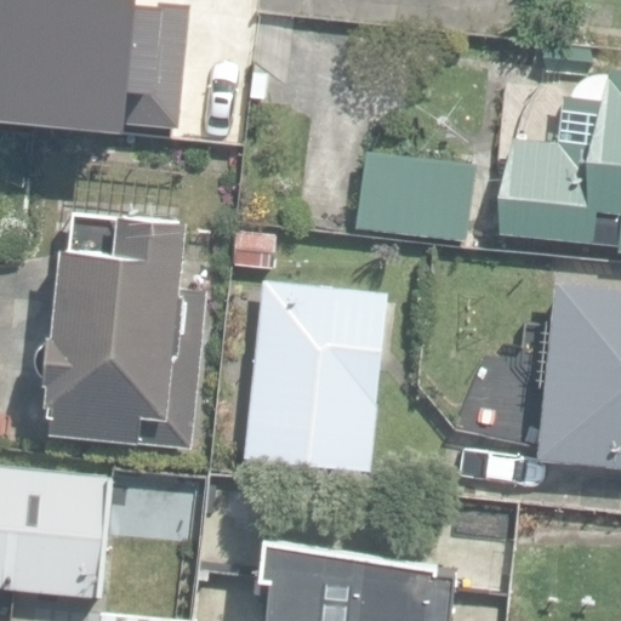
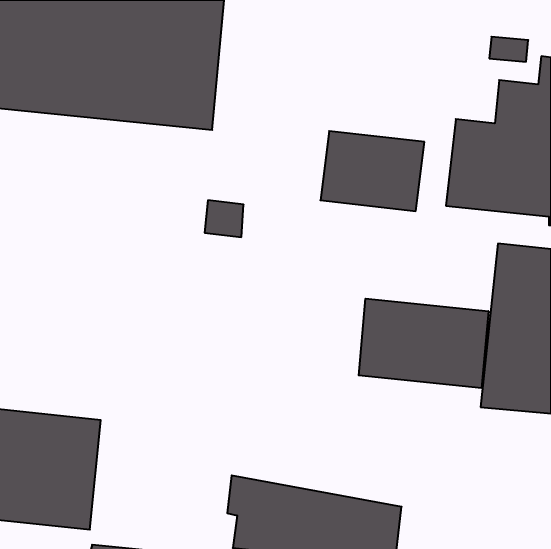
building: [41,215,204,448] -> none
building: [240,281,387,473] -> none
building: none -> [359,299,488,388]

